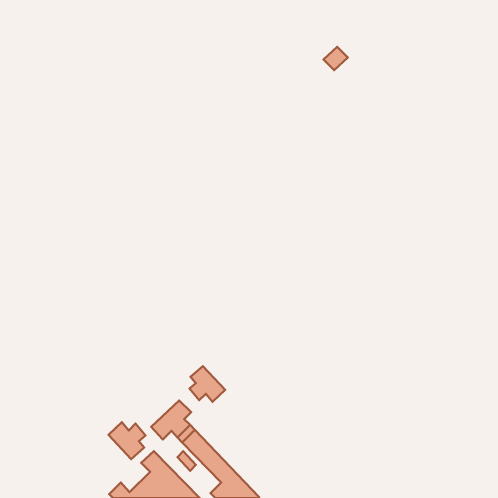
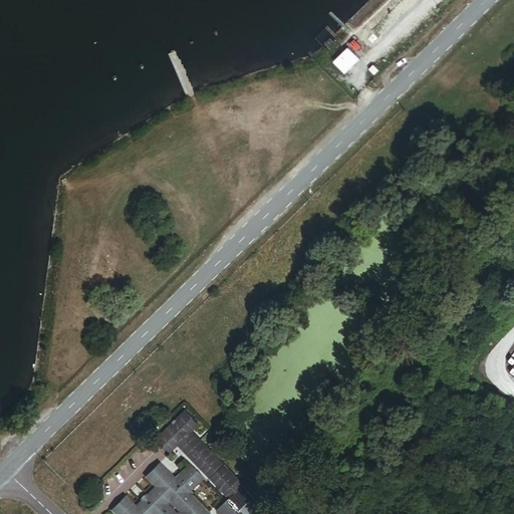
building: [190,366,225,402] -> none
building: [108,422,146,459] -> none

